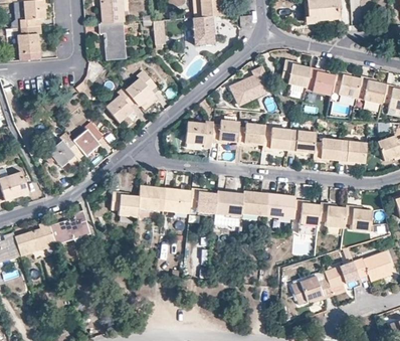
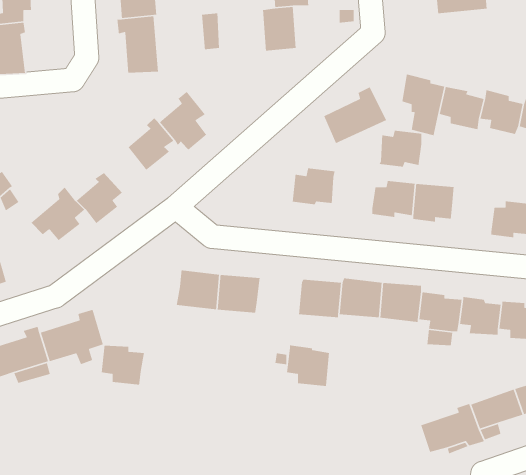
building: [186,121,214,147] -> none
building: [237,122,265,146] -> [378,130,422,168]
building: [314,138,342,161] -> none
building: [190,187,218,214] -> [286,345,330,387]
building: [112,190,140,216] -> [101,345,145,386]

